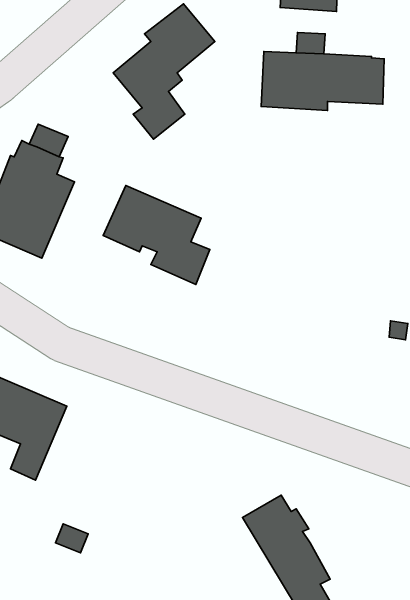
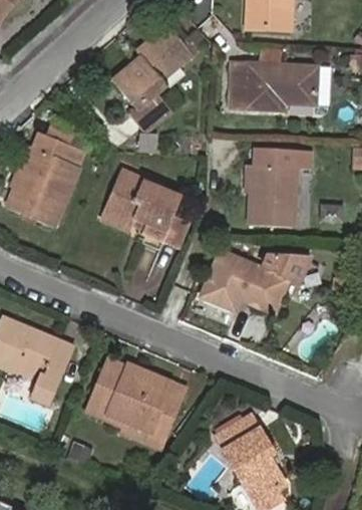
building: none -> [248,149,313,227]
building: none -> [202,250,309,313]
building: none -> [90,362,185,431]

